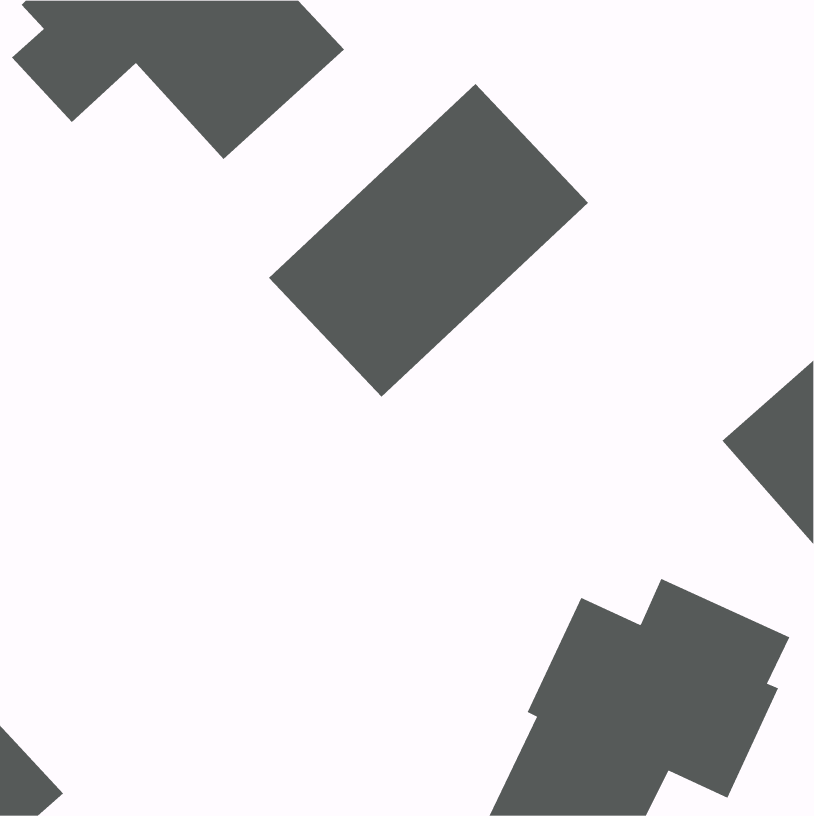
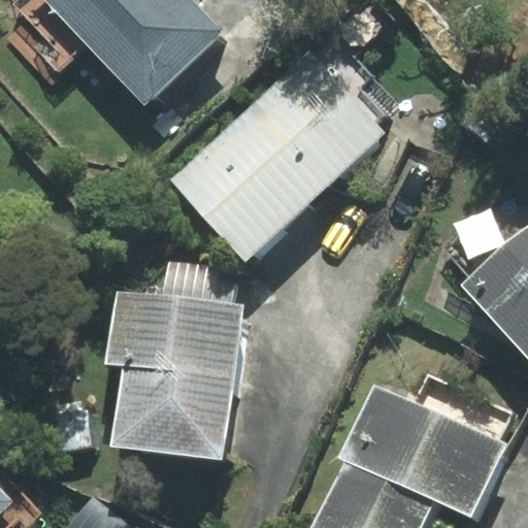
building: none -> [108,291,241,459]

